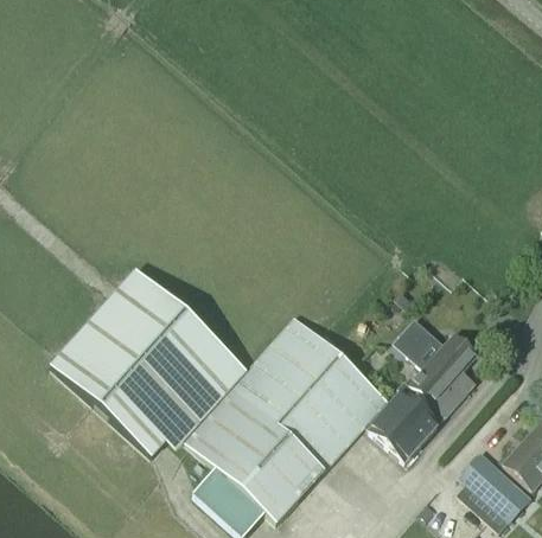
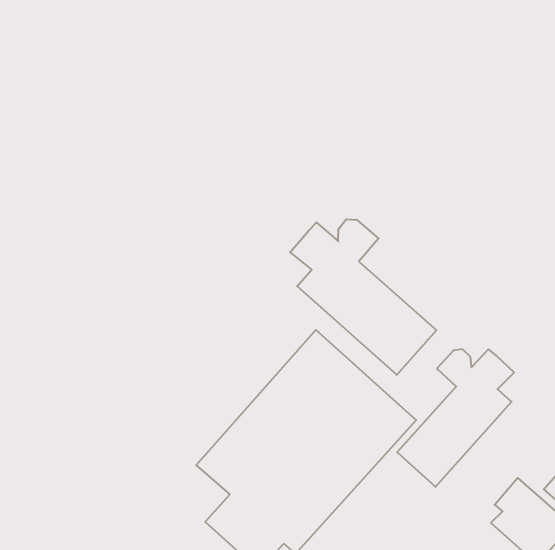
building: none -> [290,219,436,375]
building: [51,269,238,455] -> none

